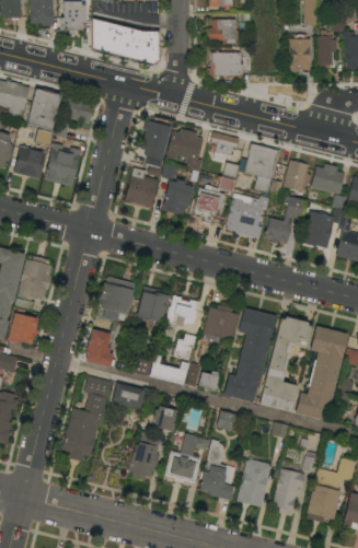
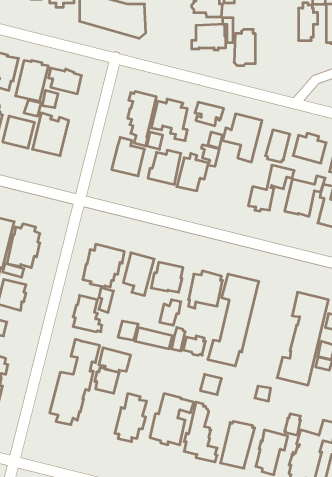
building: [288,34,310,71] -> [234,29,255,66]
building: [227,193,268,237] -> none
building: [258,316,311,411] -> none
building: [153,405,178,431] -> [95,368,119,393]

